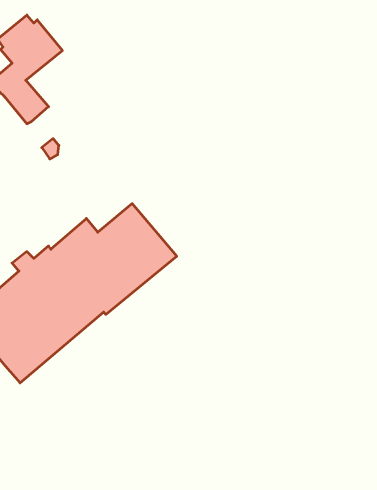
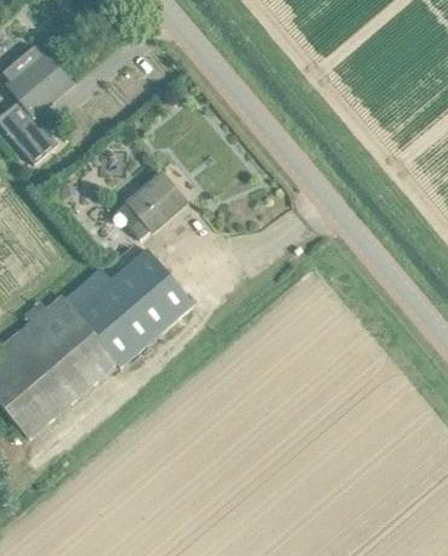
building: none -> [118,174,188,240]

